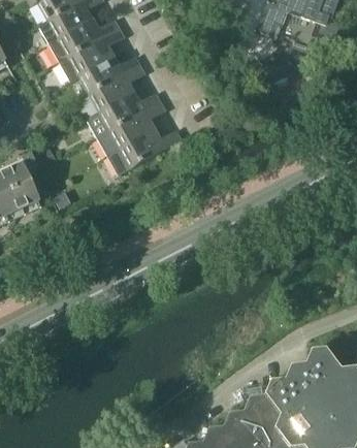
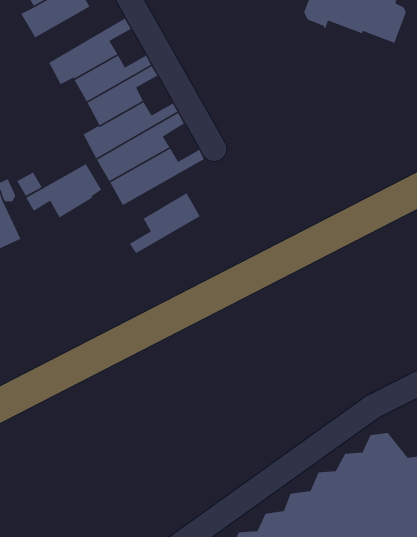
building: [51,19,121,62] -> none
building: none -> [25,163,102,218]
building: none -> [129,192,201,254]

